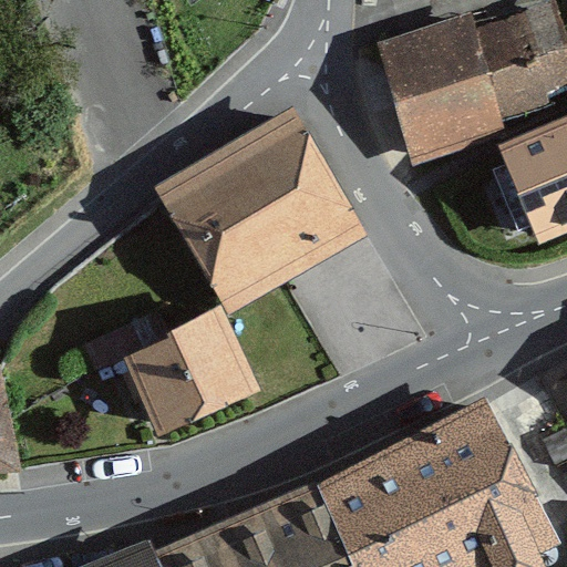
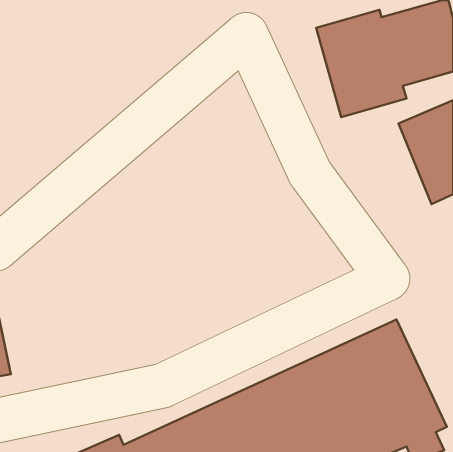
building: [171,111,358,295] -> none
building: [114,323,255,455] -> none

